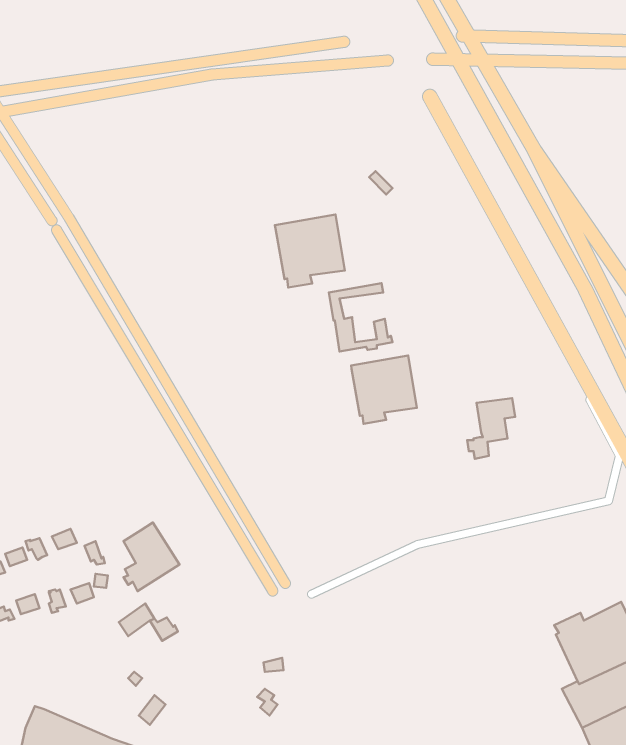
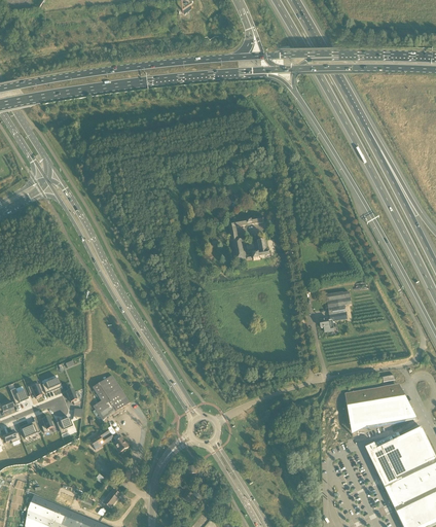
building: [275,214,345,288] -> none
building: [351,355,417,424] -> none
building: none -> [343,385,416,430]

